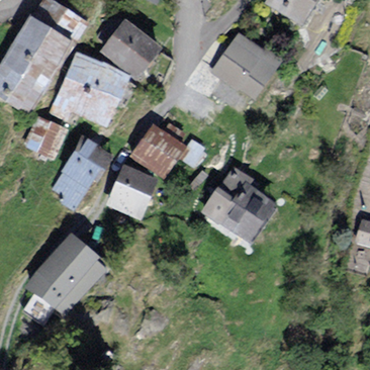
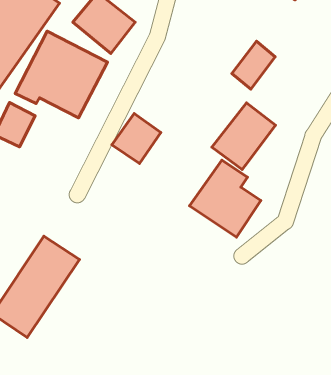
building: [213,32,271,93] -> [212,103,275,170]
building: [54,142,111,205] -> none
building: [114,169,155,209] -> none

